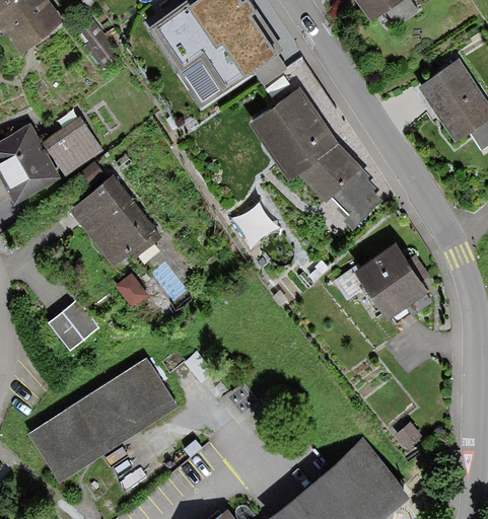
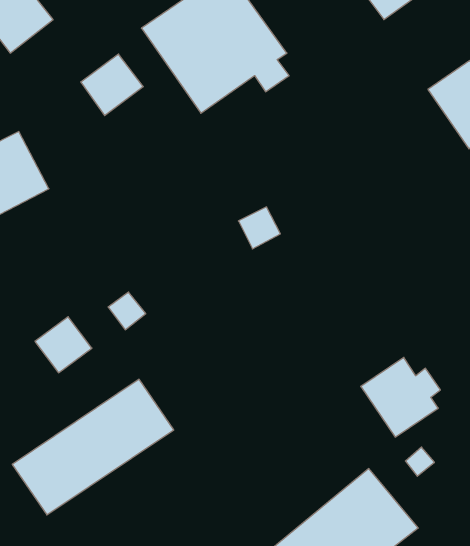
building: [249,87,382,231] -> none
building: [44,118,102,175] -> [81,54,143,116]
building: [70,176,160,266] -> none
building: [354,245,429,320] -> [361,357,440,437]

